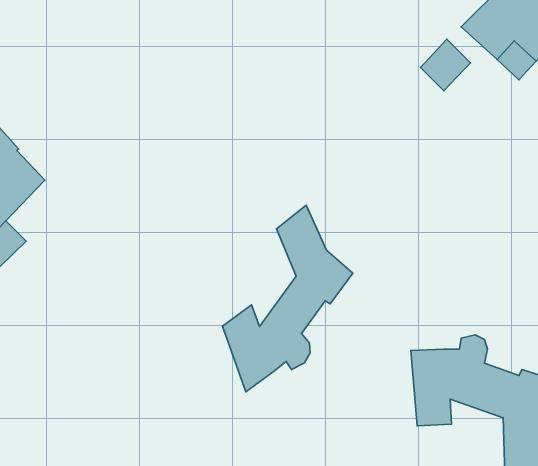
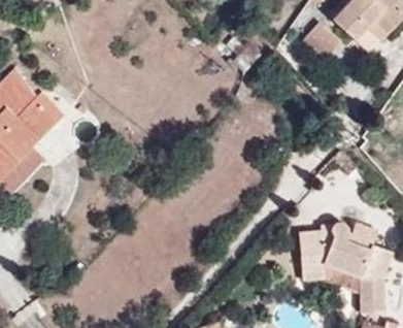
building: [223,205,353,392] -> none

